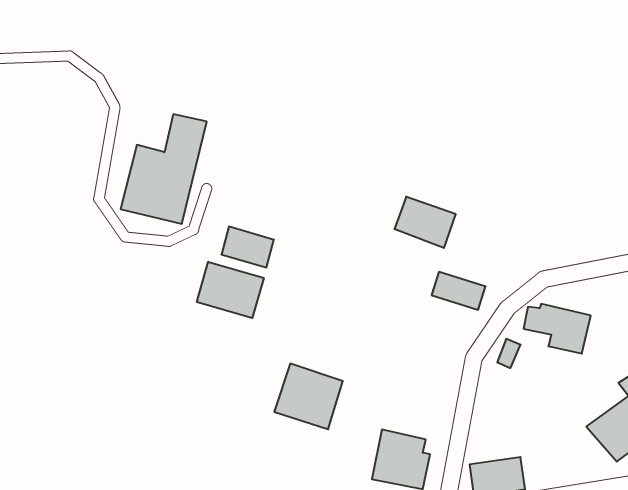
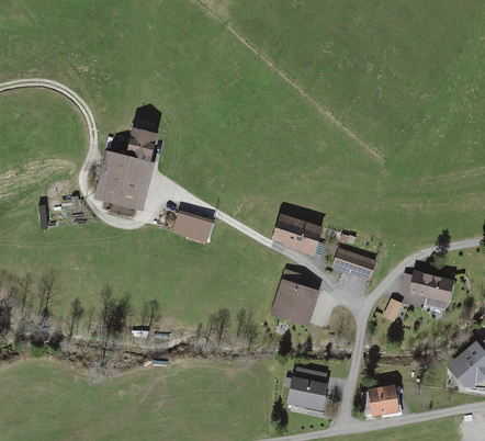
building: [394,197,456,248] -> [271,214,317,252]
building: [197,262,264,318] -> none
building: [274,364,343,429] -> [268,282,319,331]

